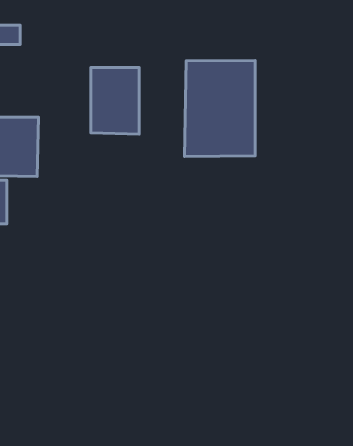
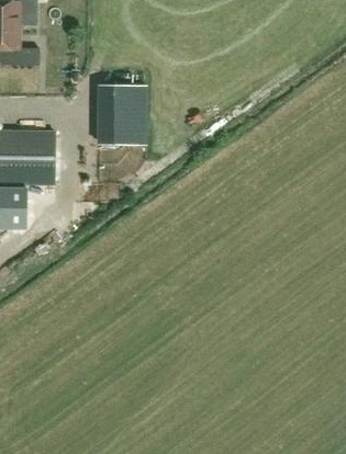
building: [185,61,255,156] -> none

